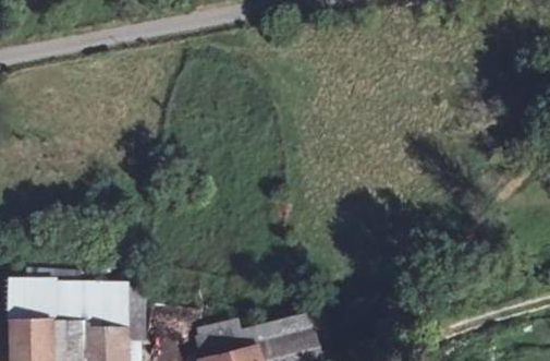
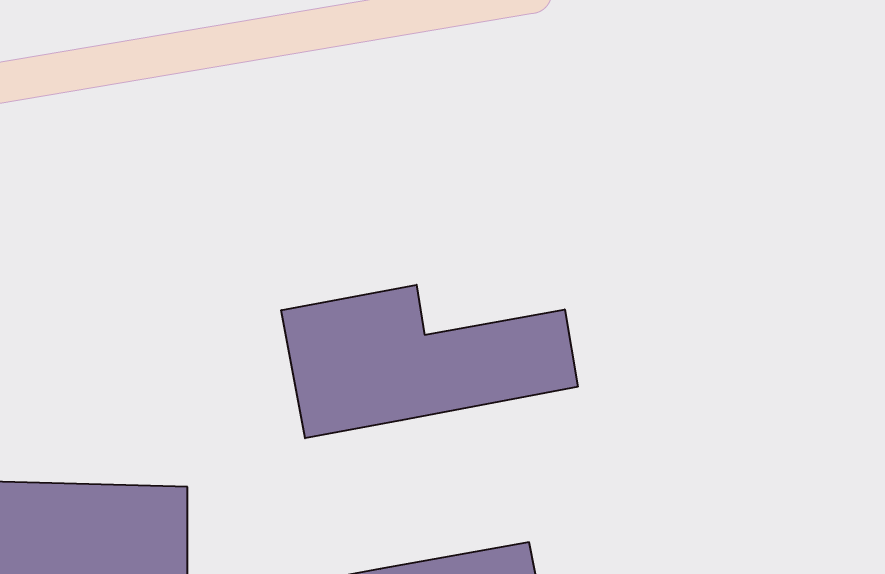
building: none -> [281,285,578,438]

